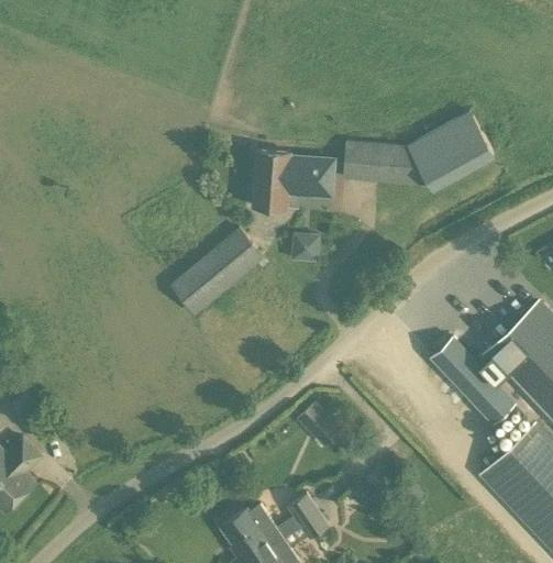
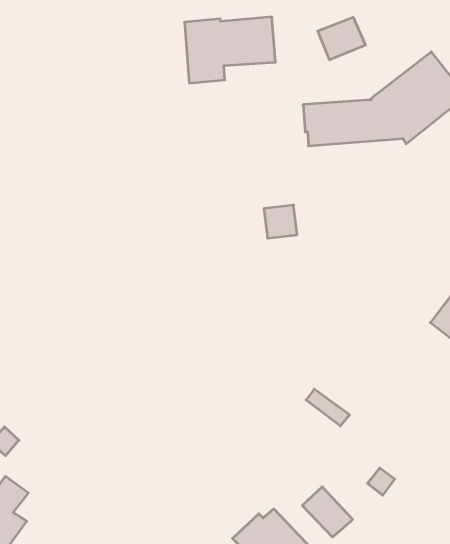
building: none -> [318,17,365,60]
building: [252,150,336,208] -> [184,17,275,83]
building: [170,227,262,312] -> none

